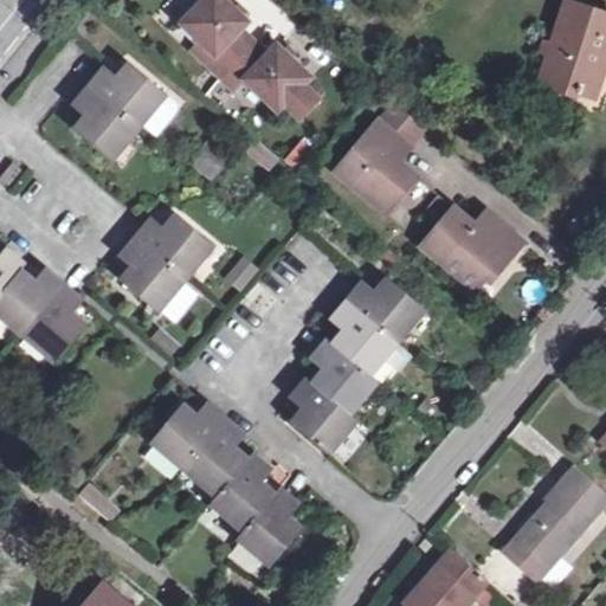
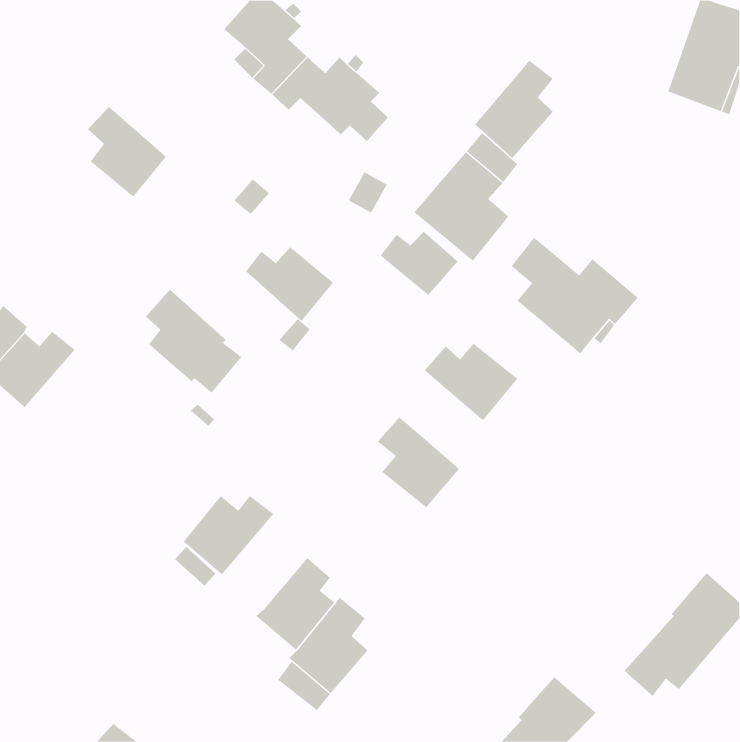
building: none -> [474,60,554,159]
building: [89,63,176,135] -> none
building: none -> [380,231,458,296]
building: [138,215,211,277] -> [245,246,334,322]
building: [20,285,85,362] -> none
building: [330,302,394,375] -> none
building: [290,380,355,453] -> none
building: [181,419,246,497] -> none

